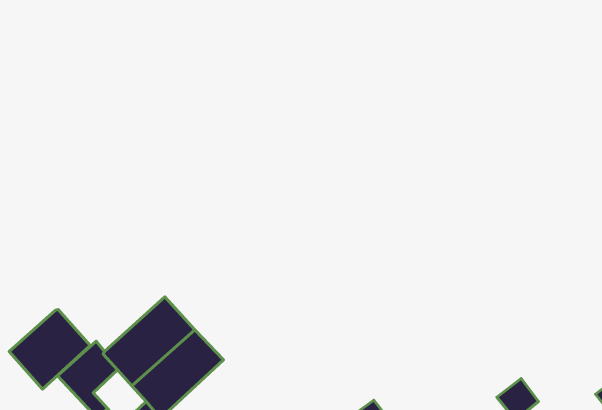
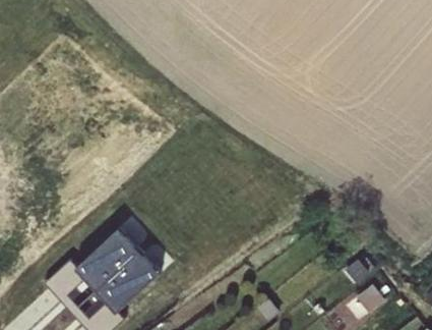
building: [9,310,90,389] -> none

